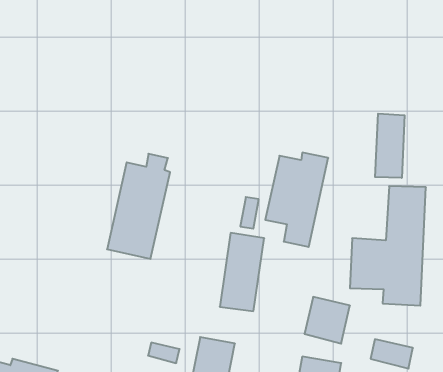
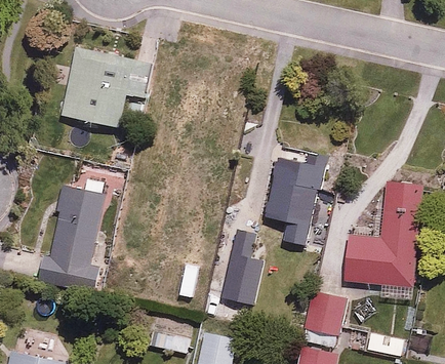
building: none -> [59,46,152,129]
building: [375,114,405,178] -> none
building: [107,154,170,259] -> [46,177,106,277]

